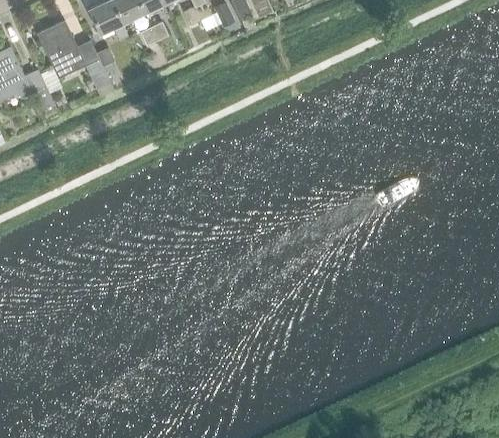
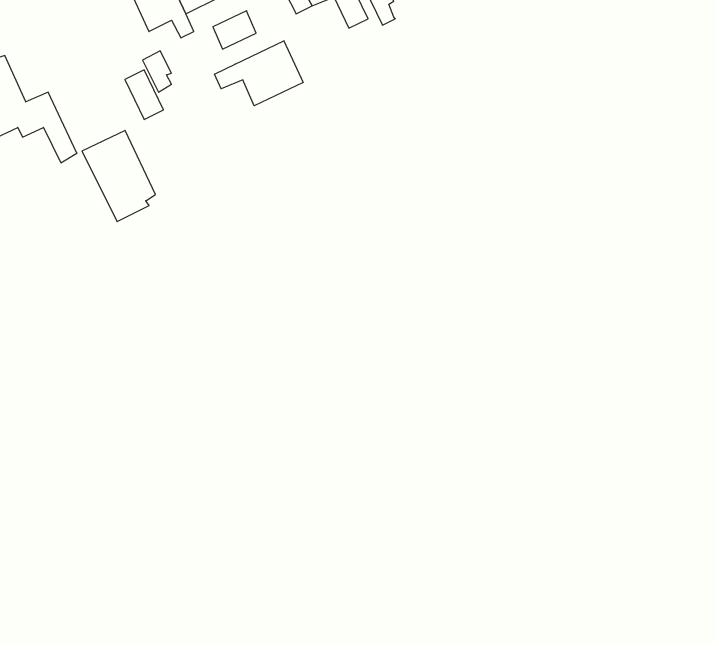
building: [37,20,83,77] -> [82,130,155,222]
building: none -> [215,41,303,106]

